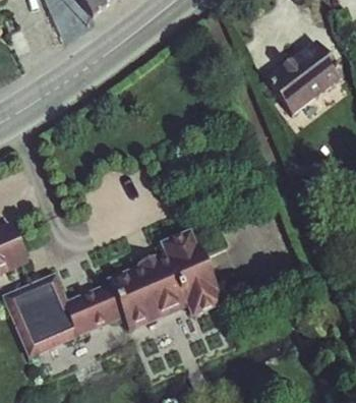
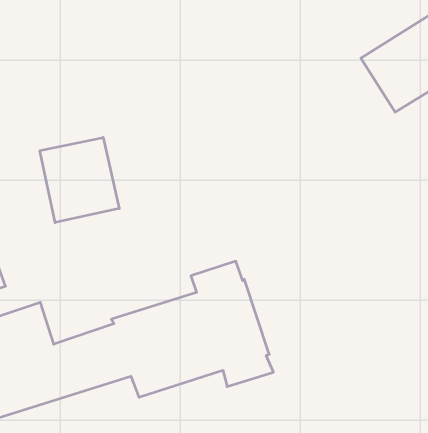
building: none -> [40,137,119,223]

